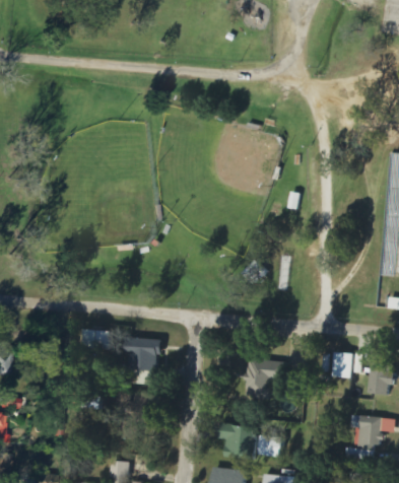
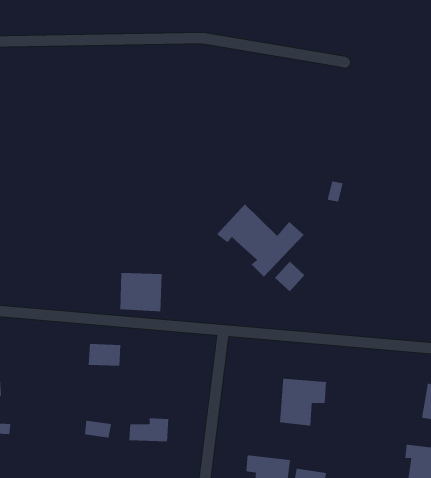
building: none -> [216,203,304,278]
building: [123,337,159,370] -> [119,272,162,312]
building: [330,352,360,377] -> none

